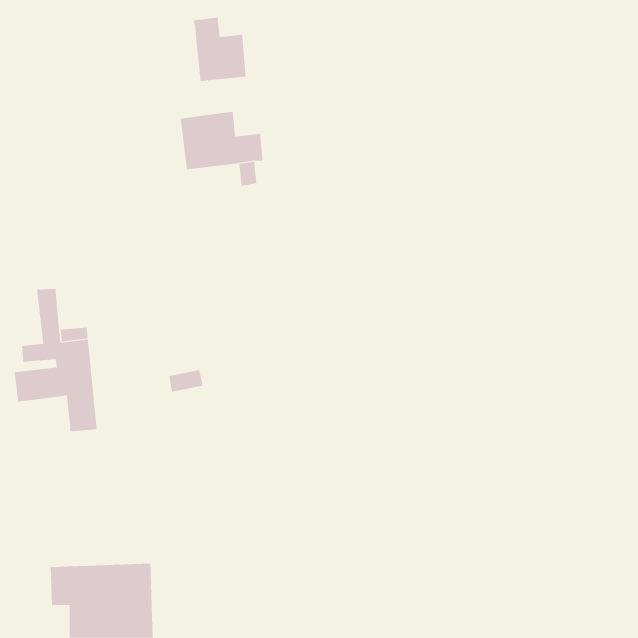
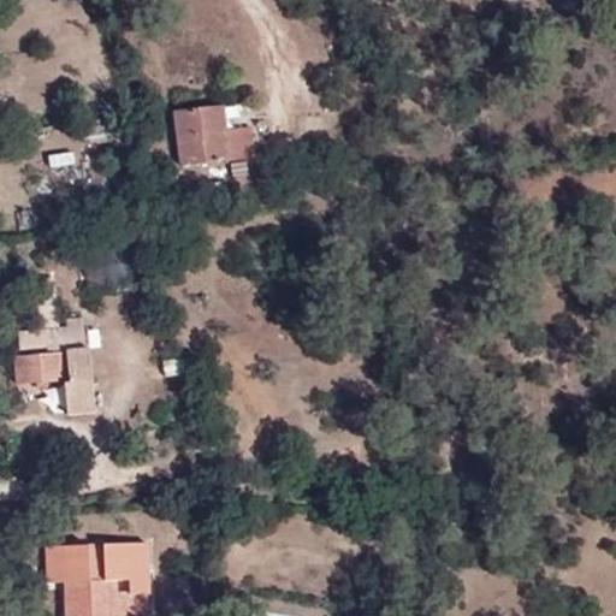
building: [193,17,246,82] -> none

